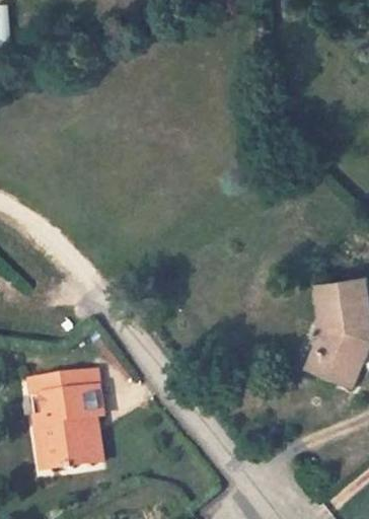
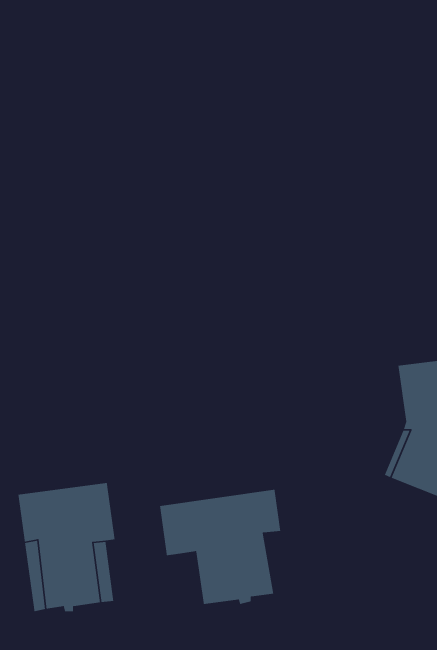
building: none -> [159,489,281,605]

